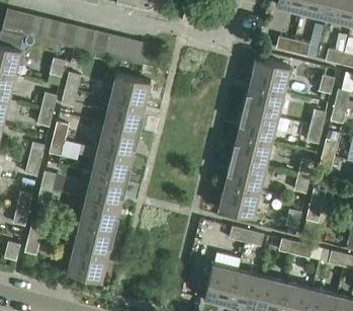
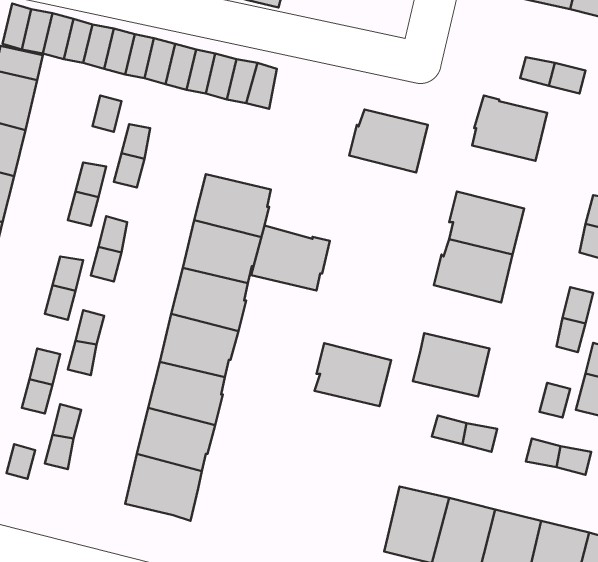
building: [109,73,151,107] -> [251,225,330,291]
building: [242,84,283,118] -> [349,109,428,173]
building: [225,158,265,191] -> [314,343,391,406]

